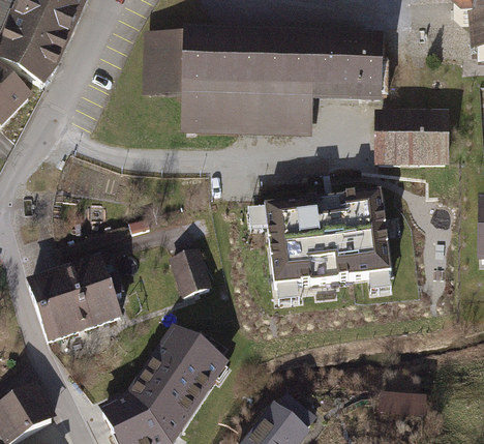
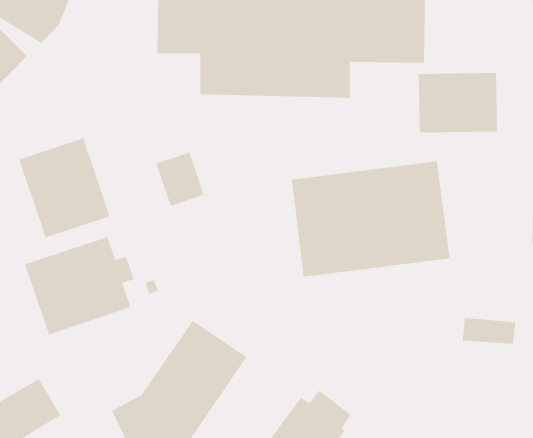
building: none -> [19,137,110,238]
building: [168,247,211,296] -> [155,152,204,206]
building: [377,388,426,412] -> [462,318,516,344]

